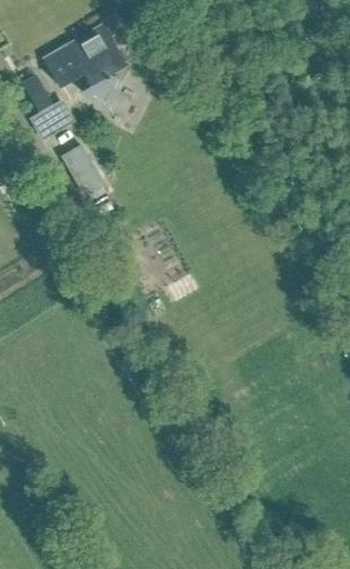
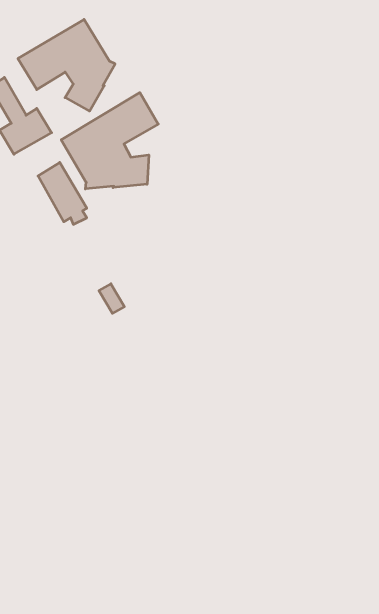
building: none -> [61,93,158,189]

